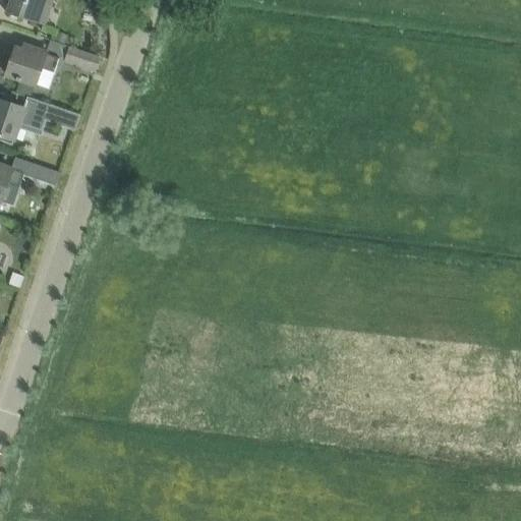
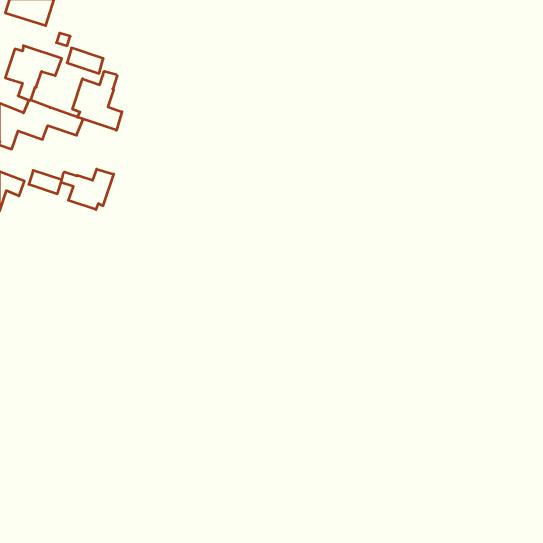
building: none -> [73,71,122,130]
building: none -> [61,169,114,210]

